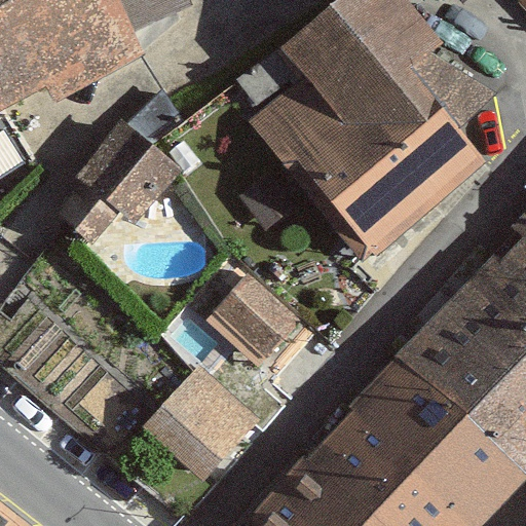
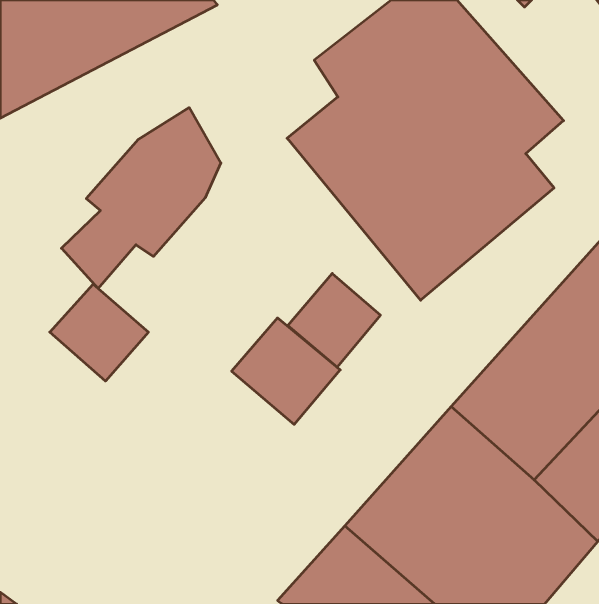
building: none -> [288,273,380,367]
building: none -> [50,284,148,381]
building: [141,367,261,486] -> none

